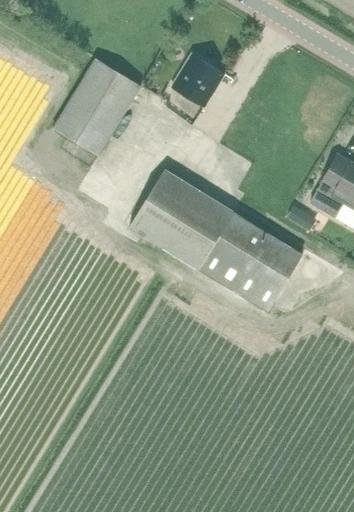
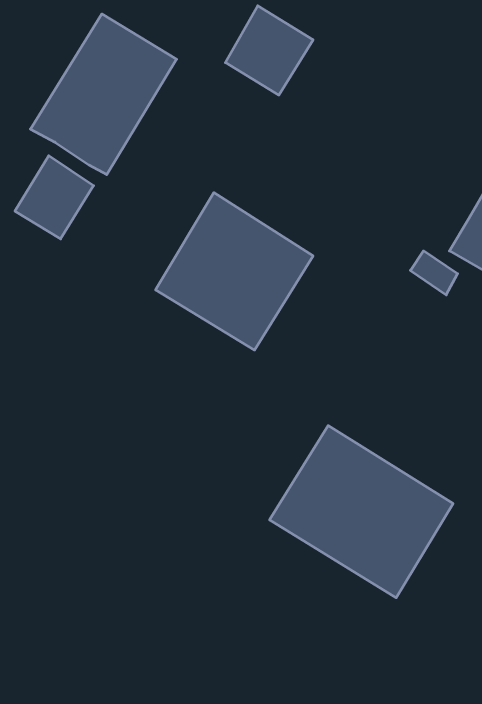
building: none -> [15,156,94,239]
building: [189,206,302,312] -> [270,426,453,598]

